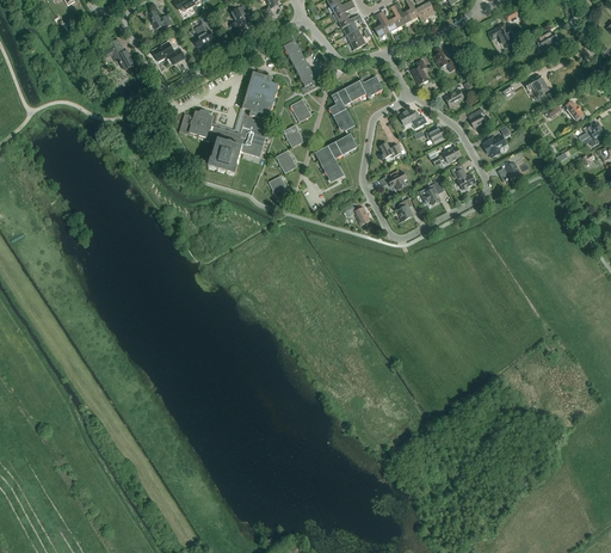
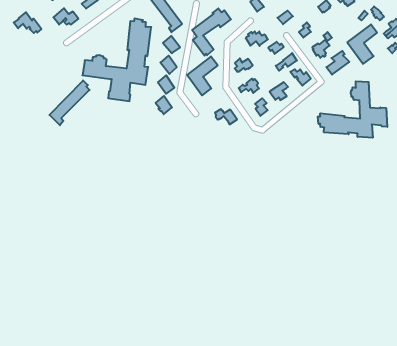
building: none -> [347,24,377,64]
building: none -> [49,80,90,125]
building: none -> [318,81,387,138]

